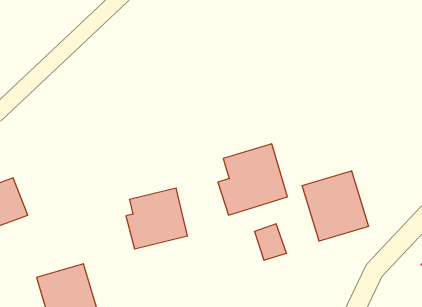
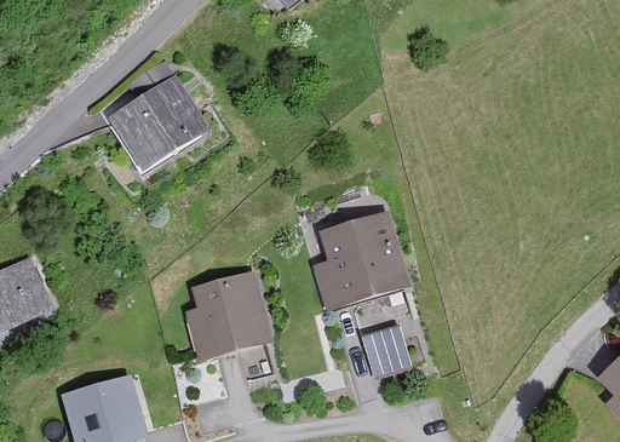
building: none -> [105,79,203,171]
building: [302,171,368,241] -> none

